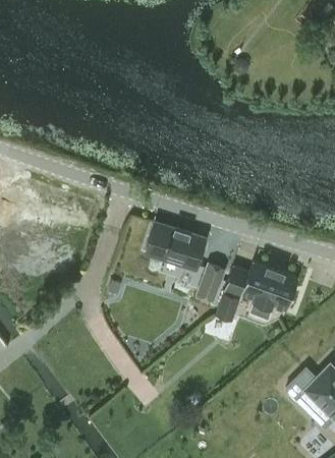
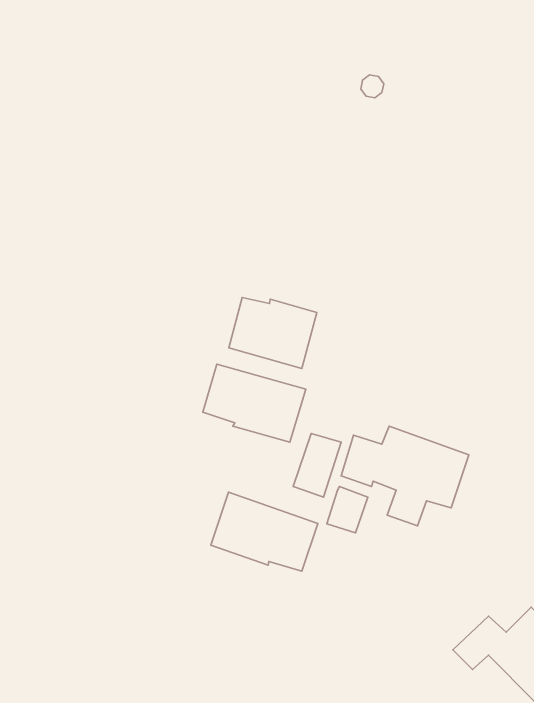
building: none -> [229,297,317,369]
building: none -> [211,492,318,571]

